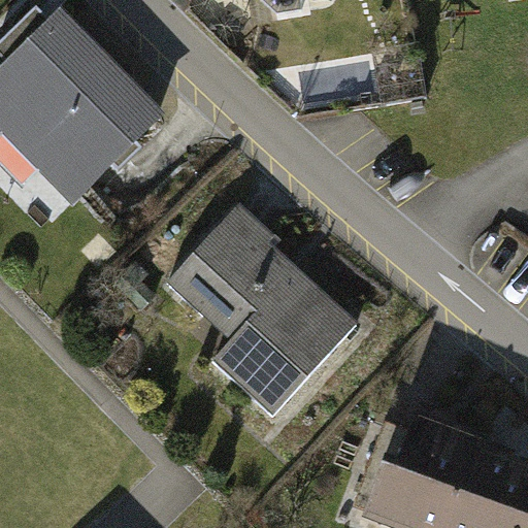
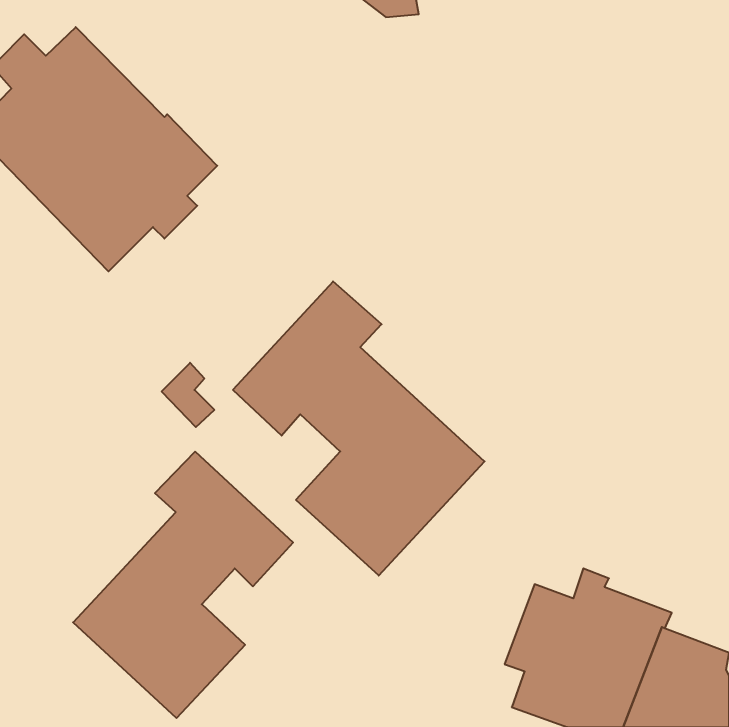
building: none -> [73,452,293,718]

